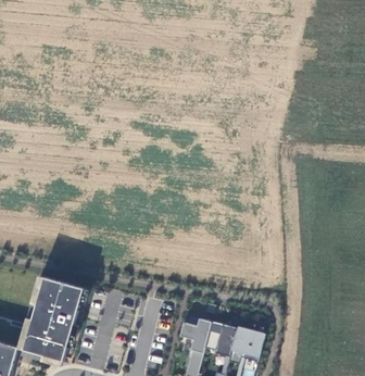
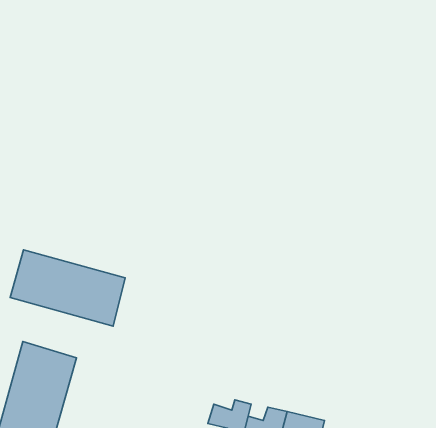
building: none -> [10,250,125,326]

